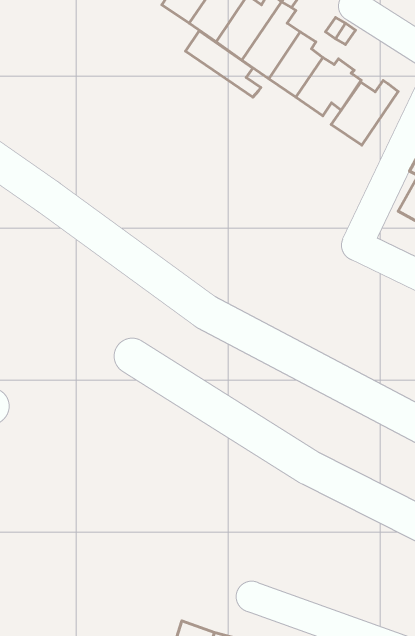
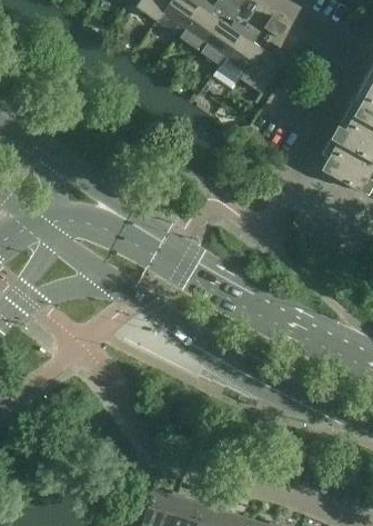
building: [185,31,261,97] -> none
building: [331,80,398,145] -> none

